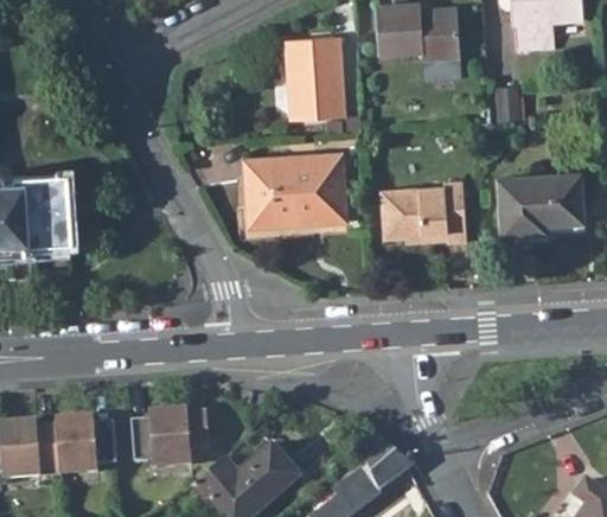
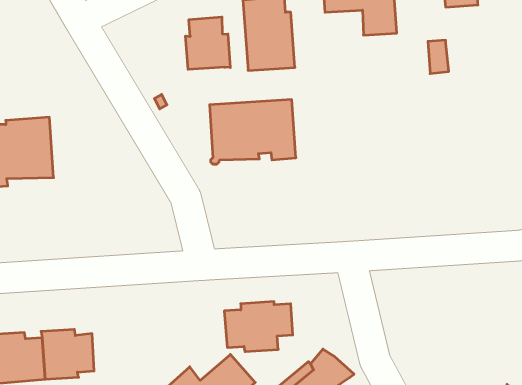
building: none -> [186,17,230,69]
building: [499,174,583,236] -> none
building: [381,180,467,242] -> none
building: [130,409,209,466] -> [224,302,293,352]

